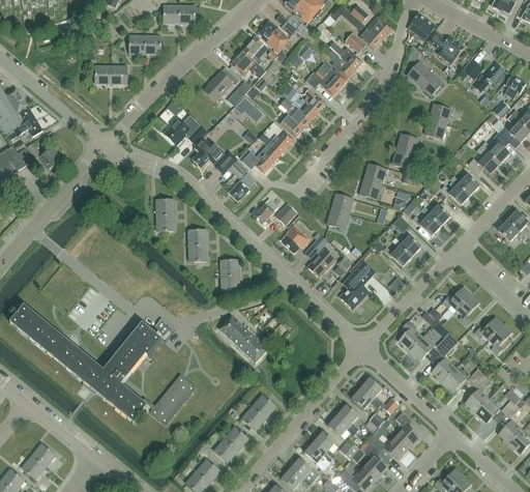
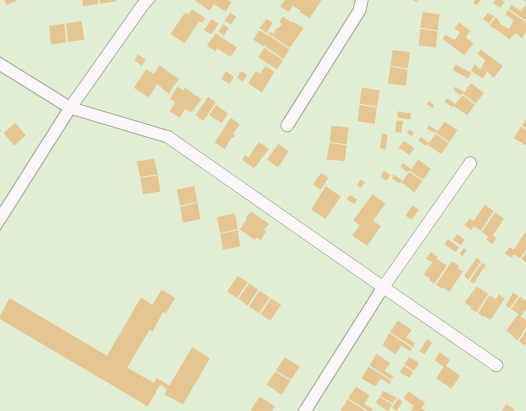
building: [481,132,510,164] -> [441,21,474,56]
building: [241,144,279,172] -> none
building: [281,225,310,254] -> [238,210,270,241]
building: [370,435,409,460] -> none

